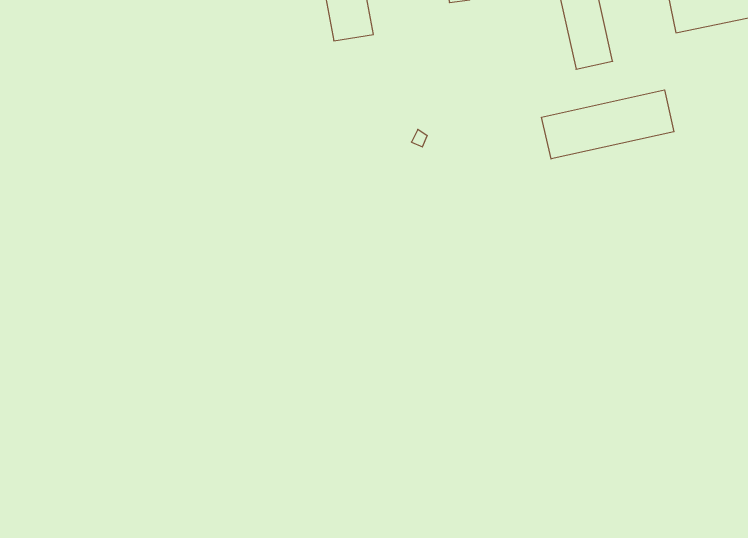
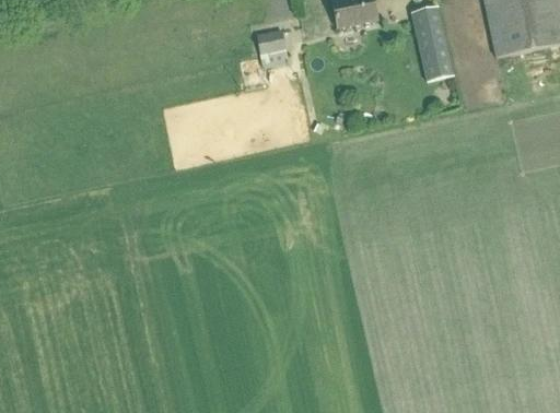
building: [542,90,674,159] -> none

